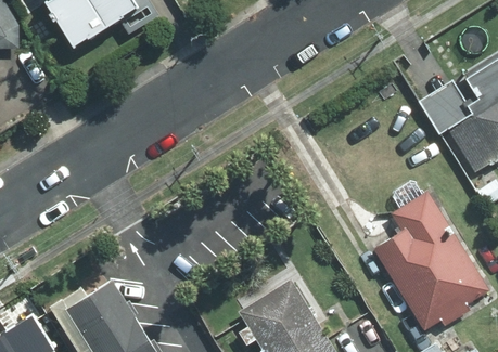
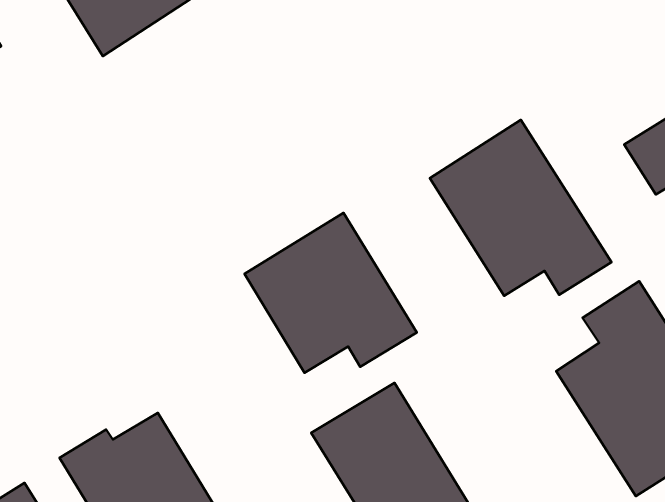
building: none -> [430,120,611,296]
building: none -> [244,213,417,373]

